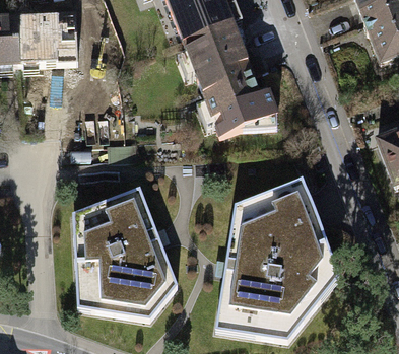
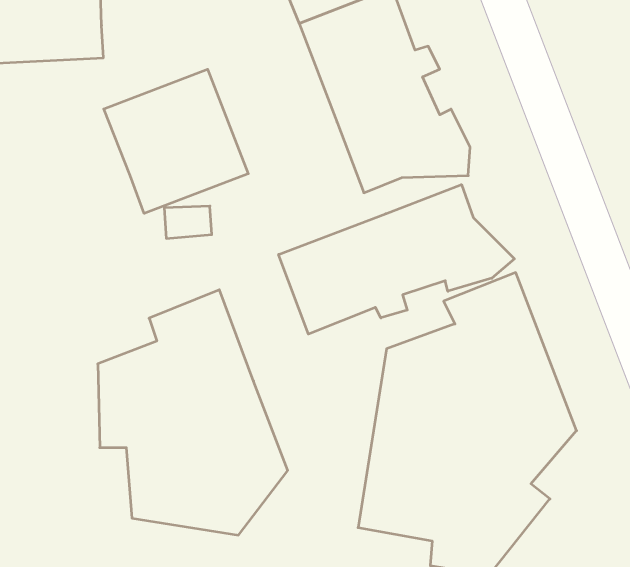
building: none -> [104,69,248,213]
building: none -> [279,185,514,334]

